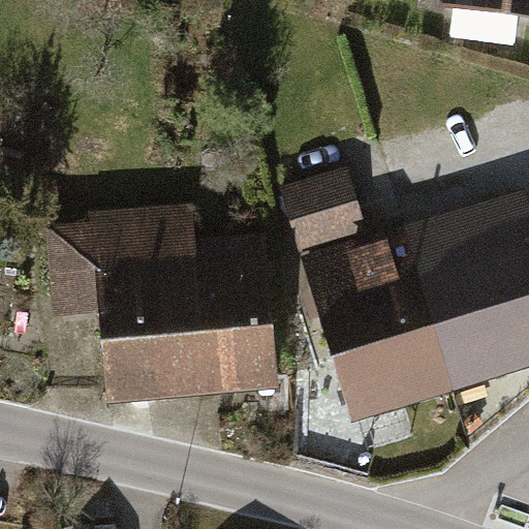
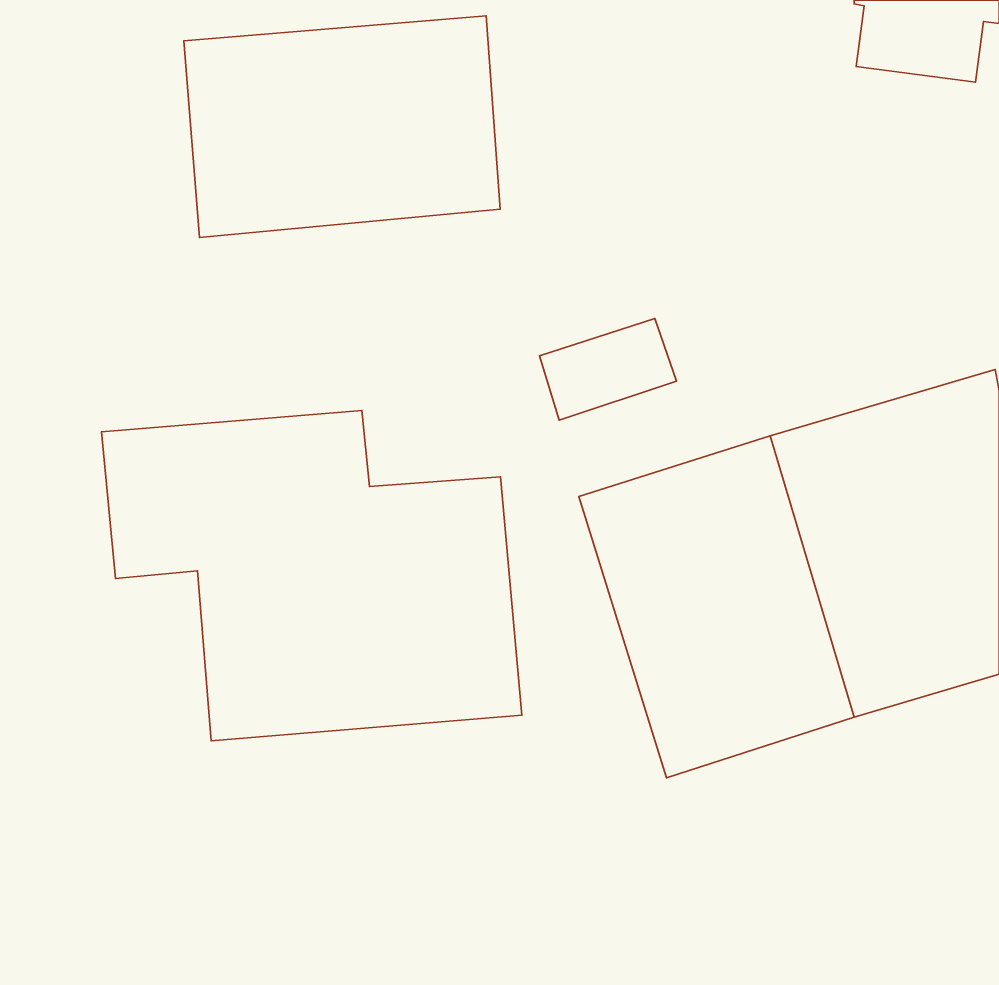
building: none -> [184,16,500,238]

